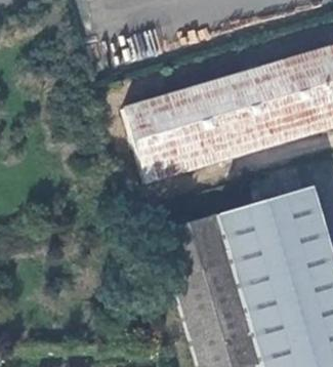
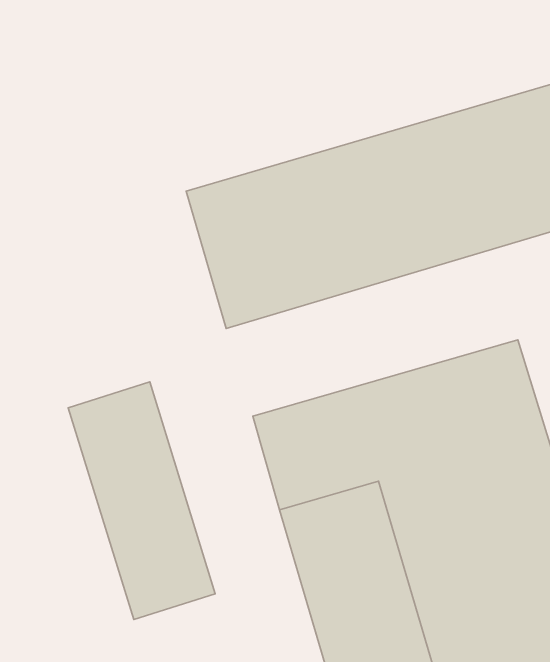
building: none -> [68,382,215,620]

